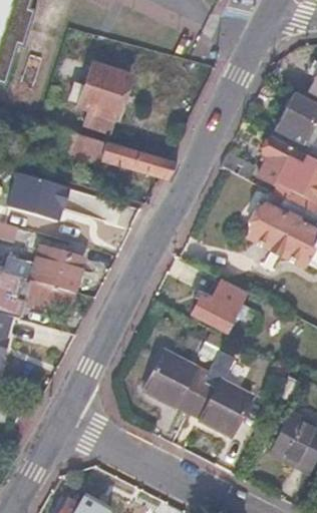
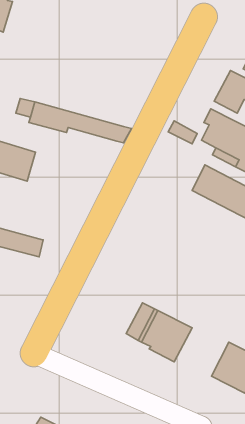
building: [83,66,131,134] -> none
building: [31,246,82,293] -> none
building: [195,282,248,331] -> none
building: [141,352,192,407] -> none

